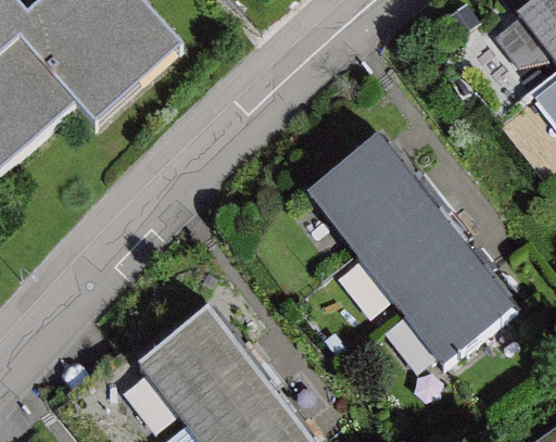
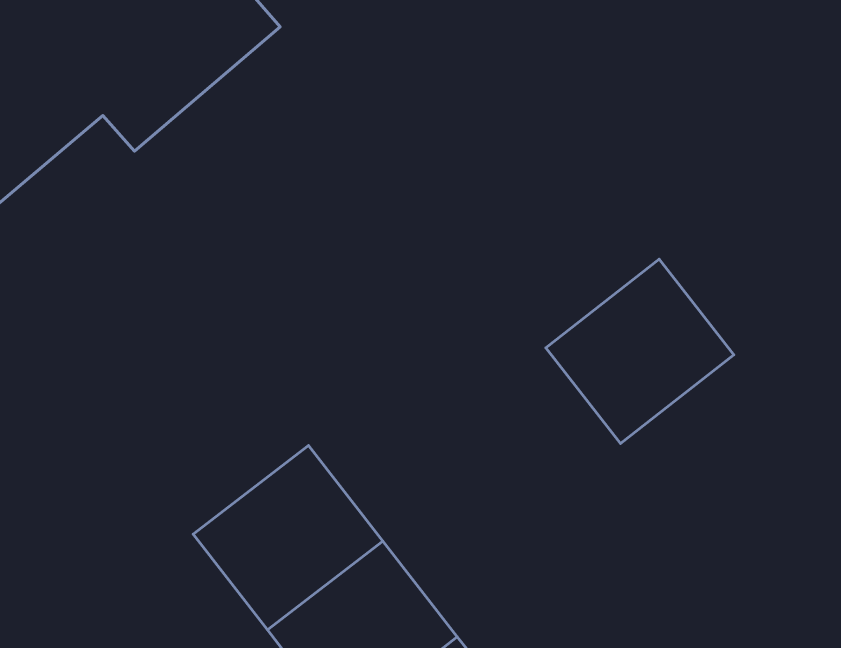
building: [305,134,420,245] -> none
building: [396,250,511,362] -> none

